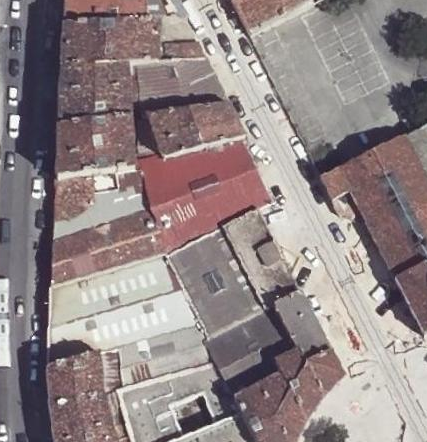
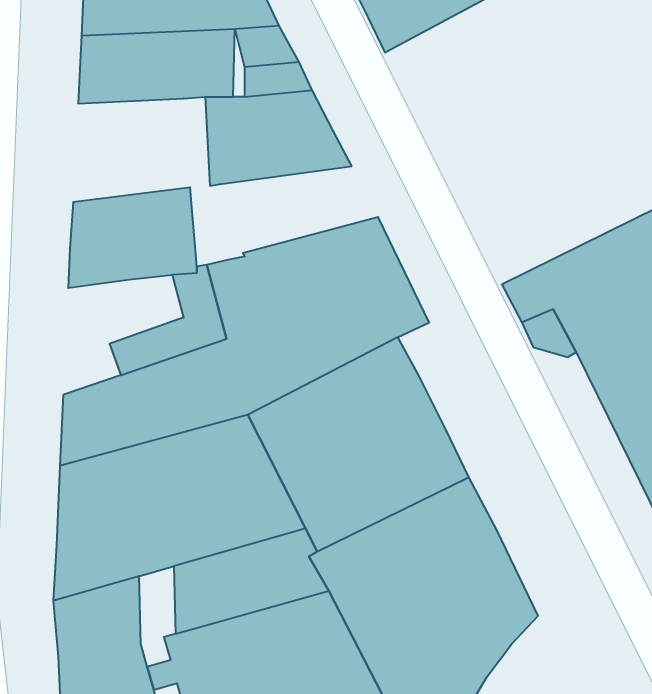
building: [60,63,131,126] -> none
building: [149,104,245,161] -> none
building: [55,173,96,222] -> none
building: [100,347,122,394] -> none

